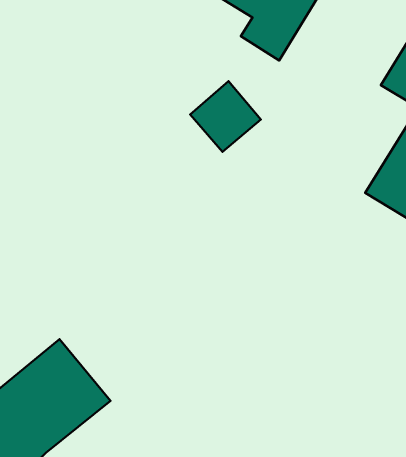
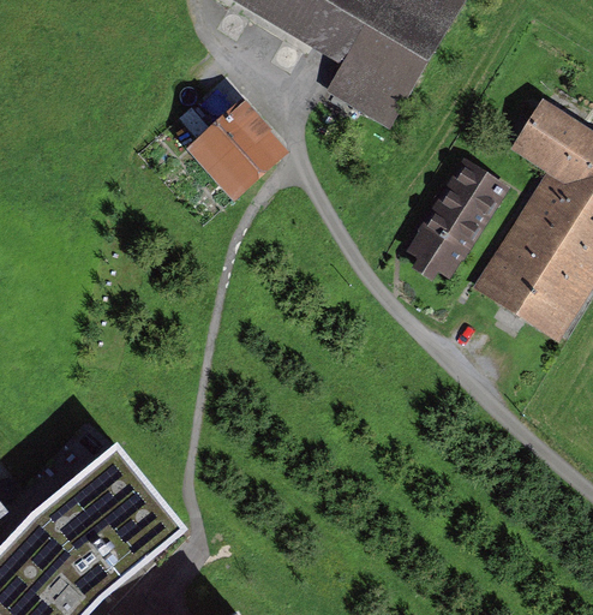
building: [190,81,261,152] -> [190,111,276,197]
building: none -> [414,156,511,270]

